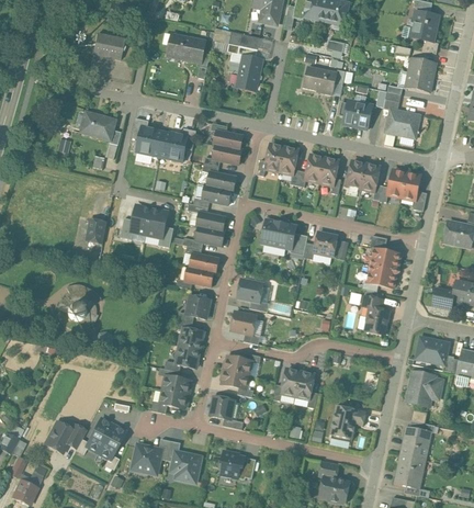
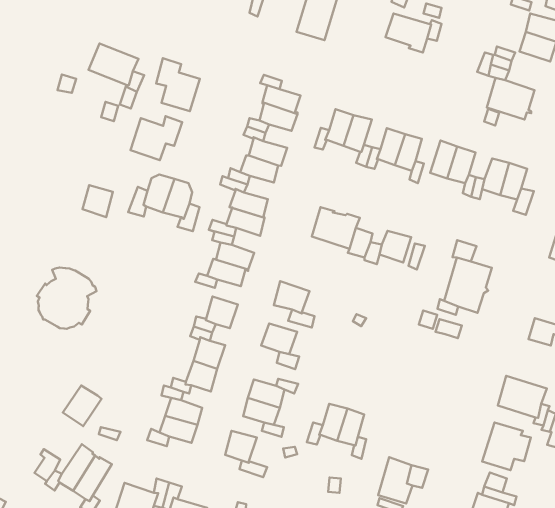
building: [342,101,373,128] -> none
building: [159,127,196,161] -> [131,116,182,160]
building: [365,307,388,335] -> none
building: [45,421,74,452] -> [63,385,102,426]

